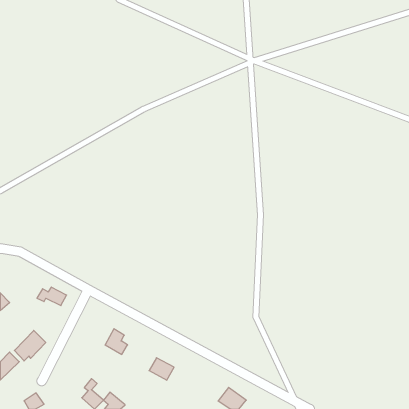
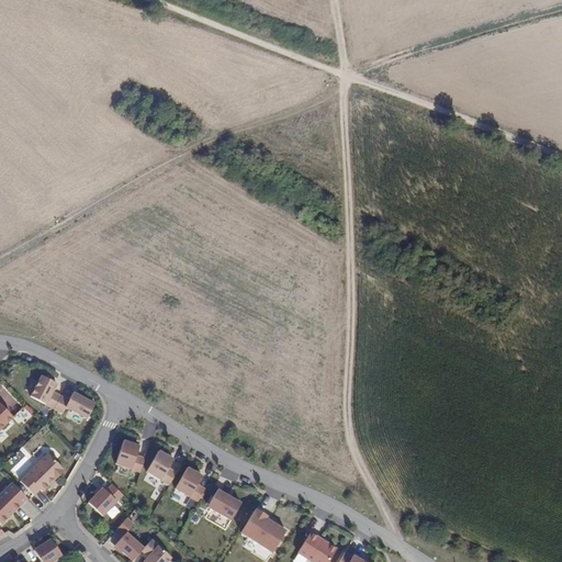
building: none -> [29,375,59,408]
building: none -> [113,440,144,473]
building: none -> [173,467,204,503]
building: none -> [89,484,122,515]
building: none -> [241,505,288,550]

